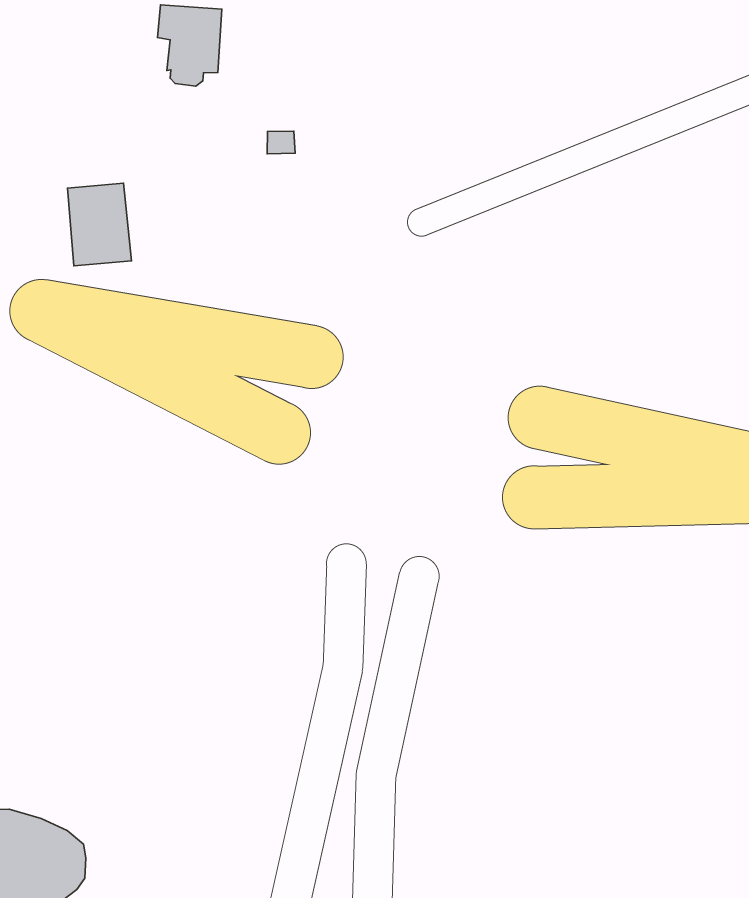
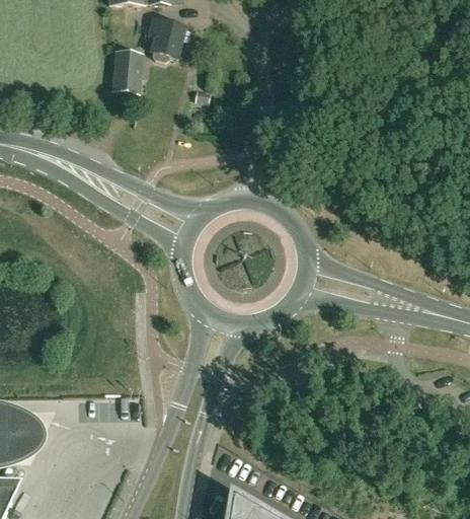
building: [68,183,132,266] -> [110,47,142,88]

